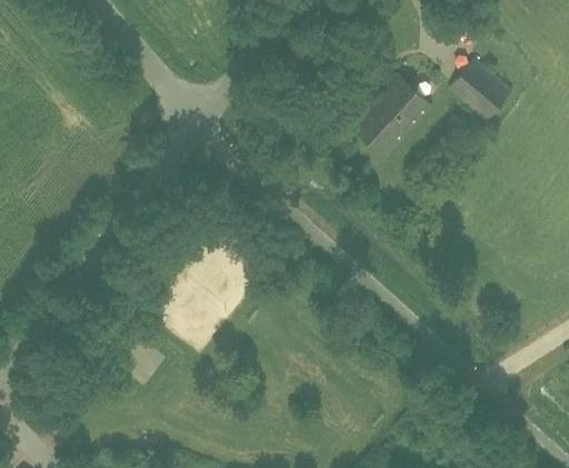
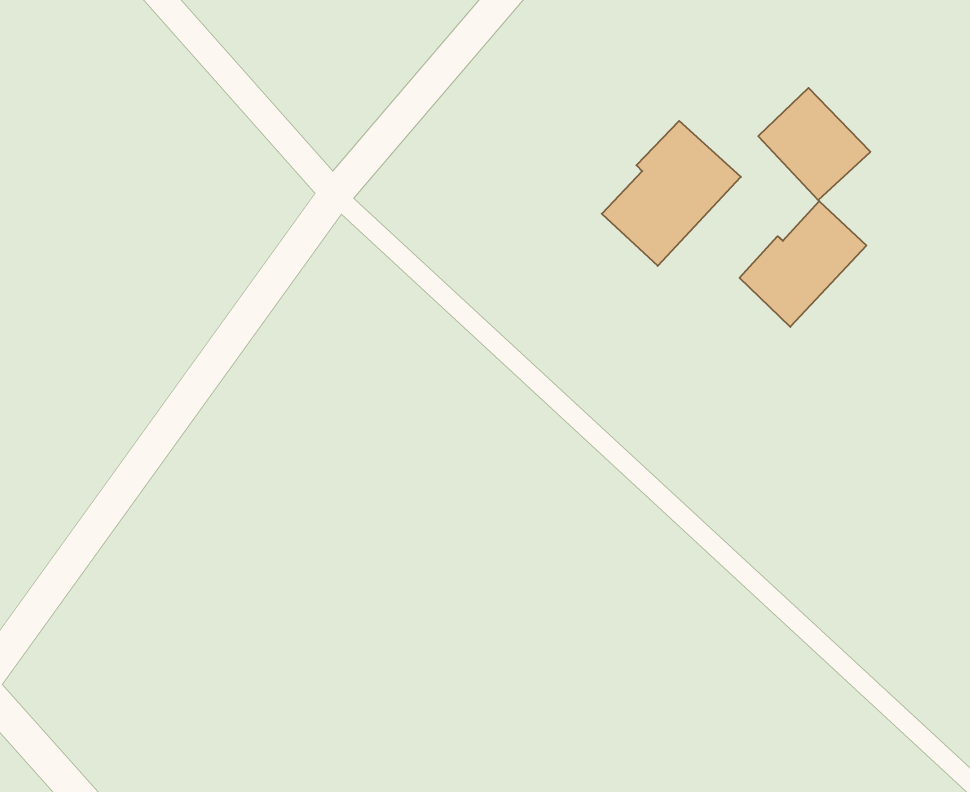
building: none -> [740,201,866,327]

